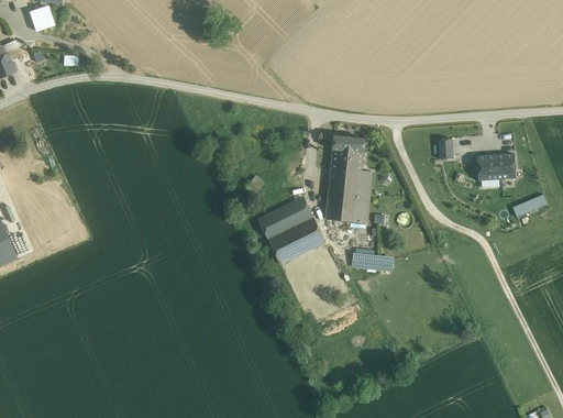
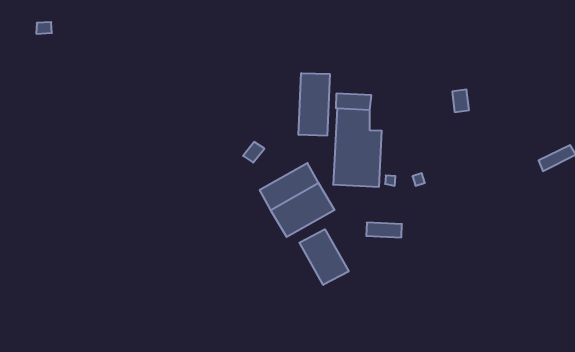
building: none -> [299,73,330,136]
building: [477,153,516,179] -> none
building: none -> [299,229,349,285]

